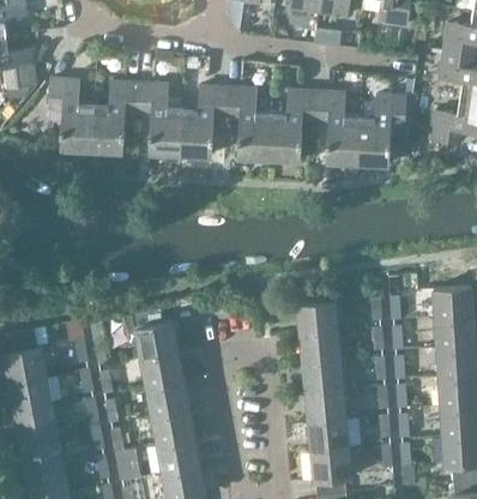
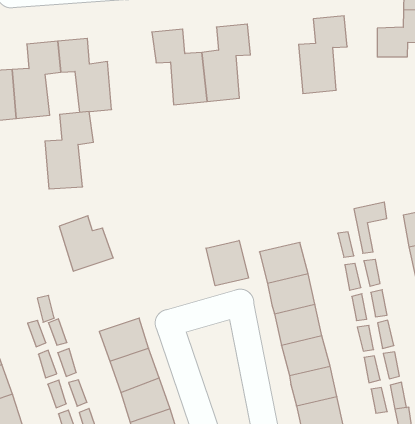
building: [179,86,225,156] -> [45,112,93,189]
building: [313,92,358,163] -> none
building: none -> [206,240,248,286]
building: [132,307,177,356] -> [59,216,113,271]

